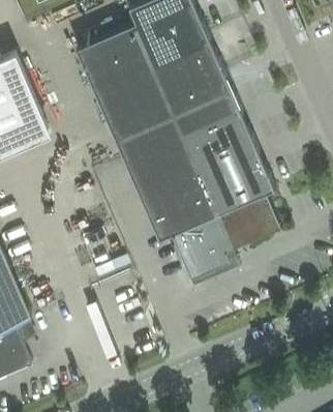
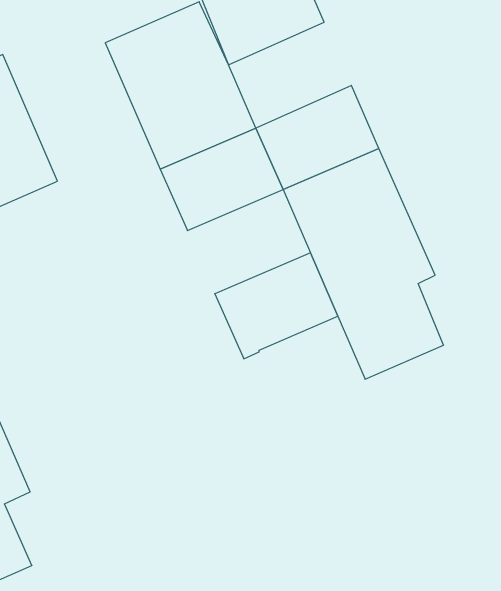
building: [151,36,225,100] -> none
building: [126,138,201,201] -> none
building: [170,214,234,284] -> none

